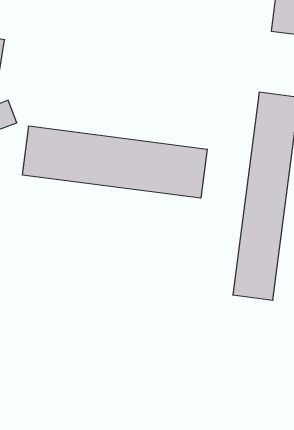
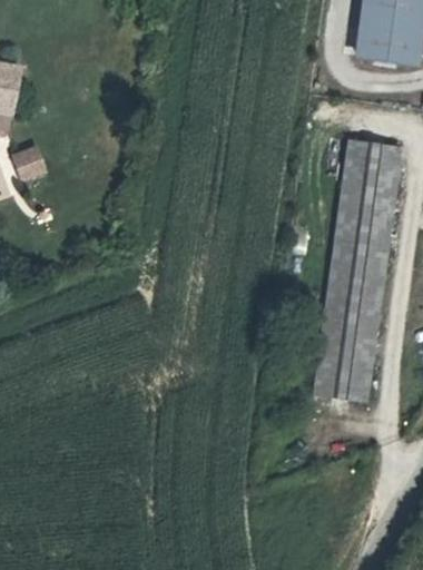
building: [23,126,207,198] -> none

